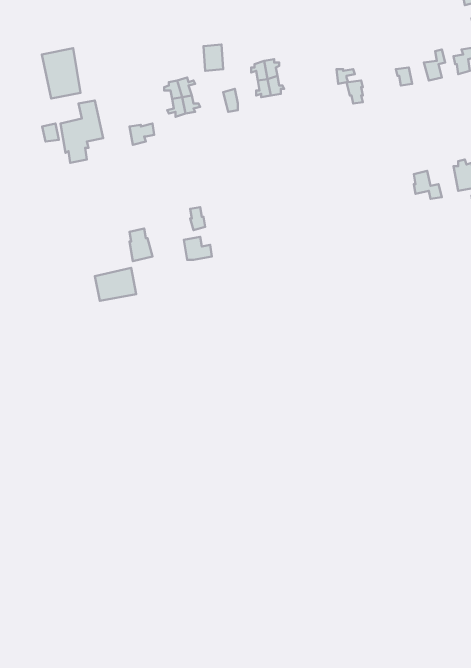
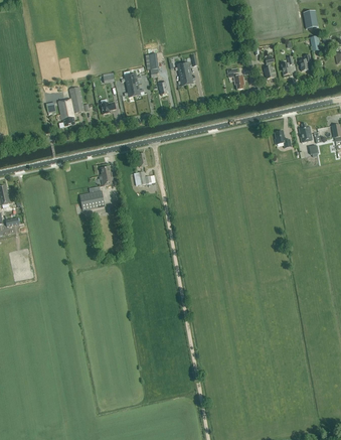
building: [42,48,81,98] -> none

